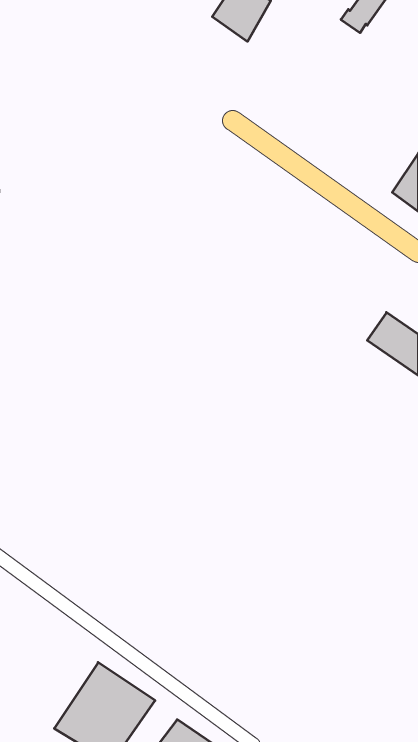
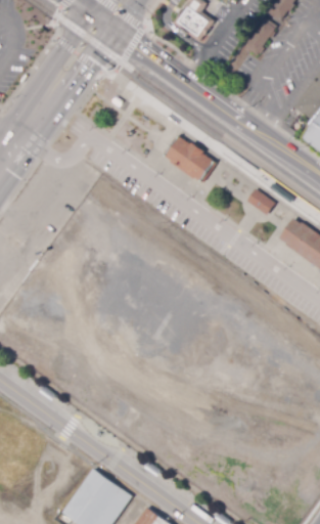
building: none -> [242,19,273,56]
building: none -> [166,139,215,184]
building: none -> [242,189,271,216]

